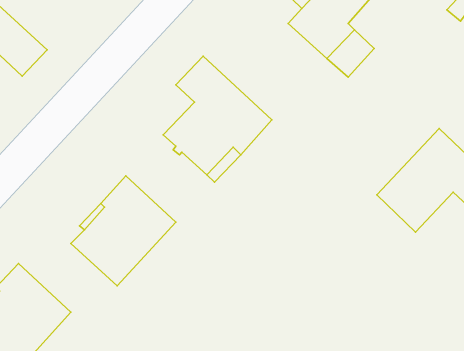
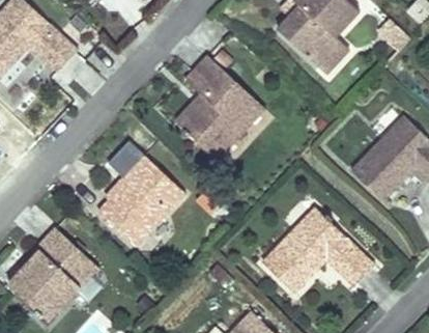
building: none -> [261,206,373,293]

